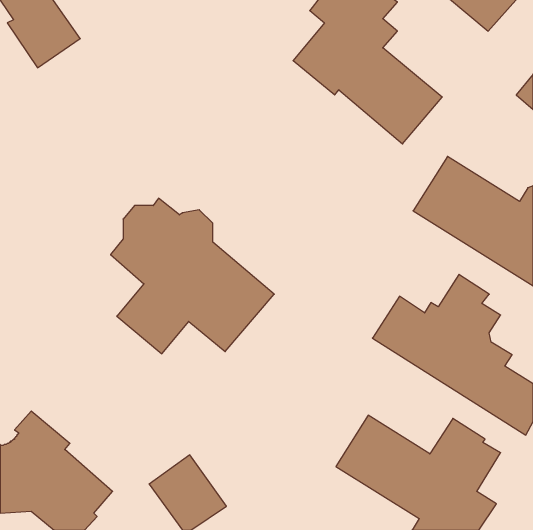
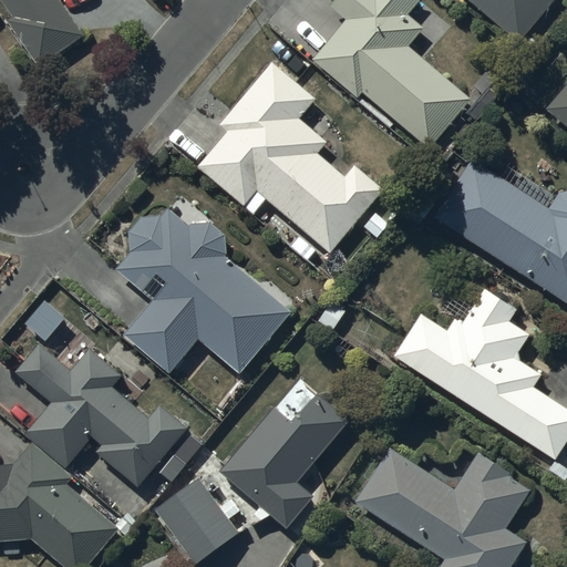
building: none -> [196,62,381,251]
building: none -> [18,337,189,480]
building: none -> [223,392,353,528]

